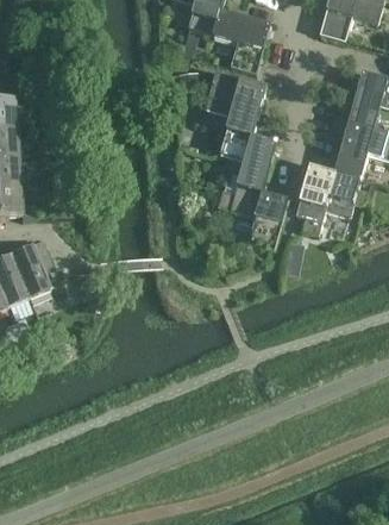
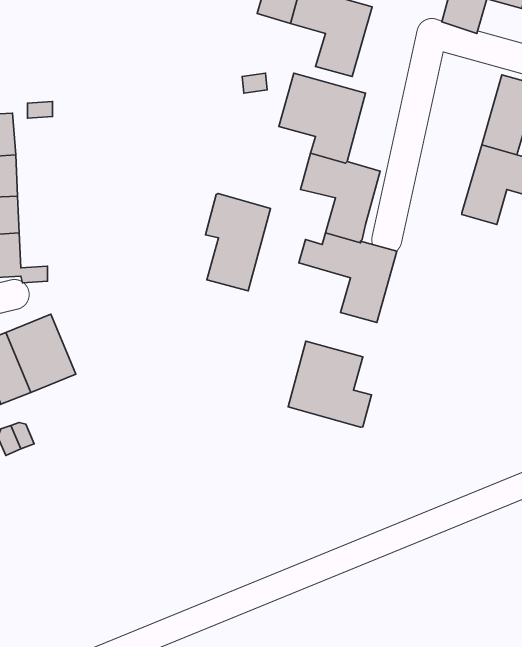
building: none -> [206,194,271,291]
building: [295,161,359,230] -> none
building: none -> [288,341,371,427]

